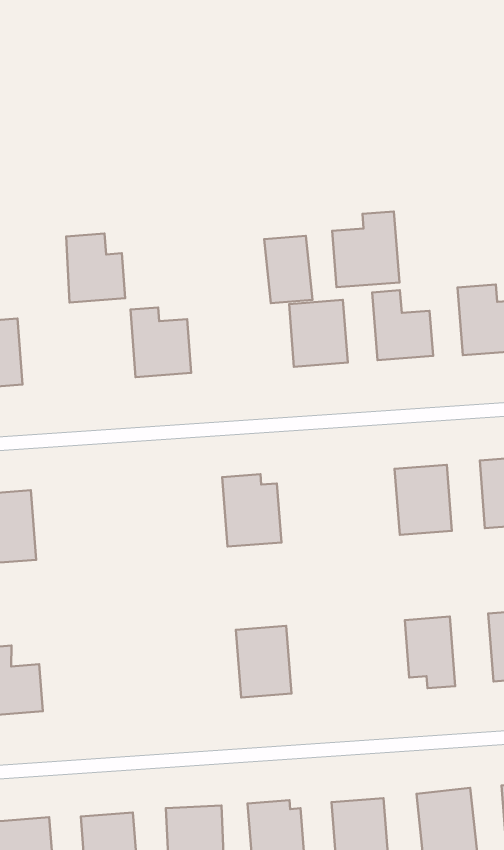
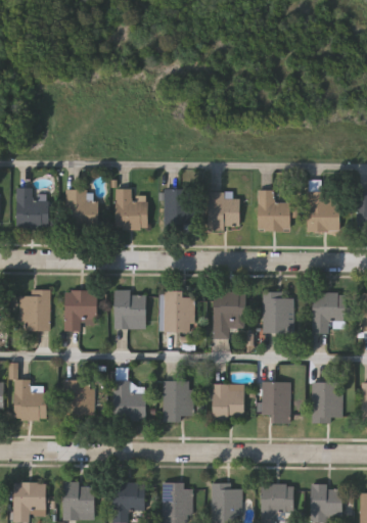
building: [332,211,399,287] -> none
building: [66,234,125,303] -> [65,189,98,228]
building: [264,236,313,303] -> [165,189,190,227]
building: none -> [214,292,246,339]
building: none -> [114,292,145,329]
building: none -> [64,291,97,331]
building: none -> [113,372,145,421]
building: none -> [213,385,244,420]
building: none -> [62,381,94,418]

